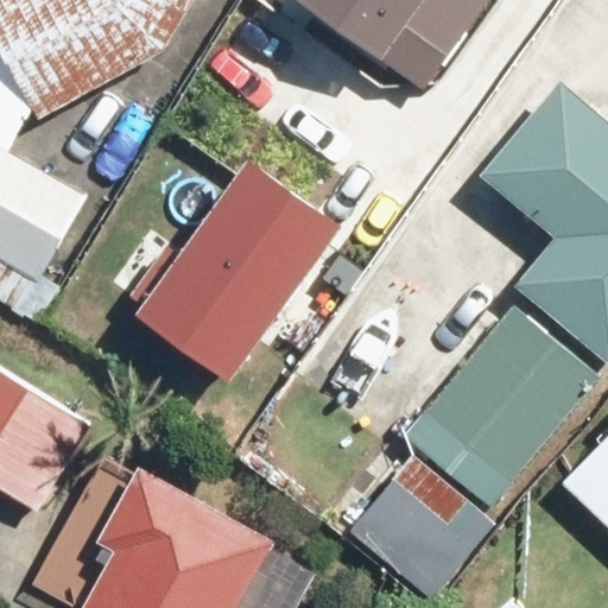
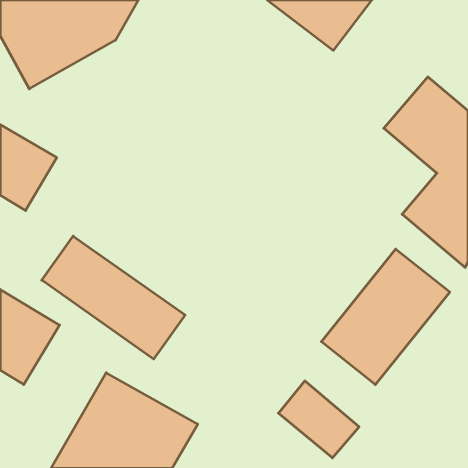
building: [150,151,347,370] -> none
building: none -> [42,236,185,359]

